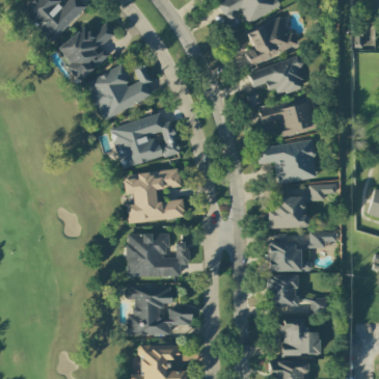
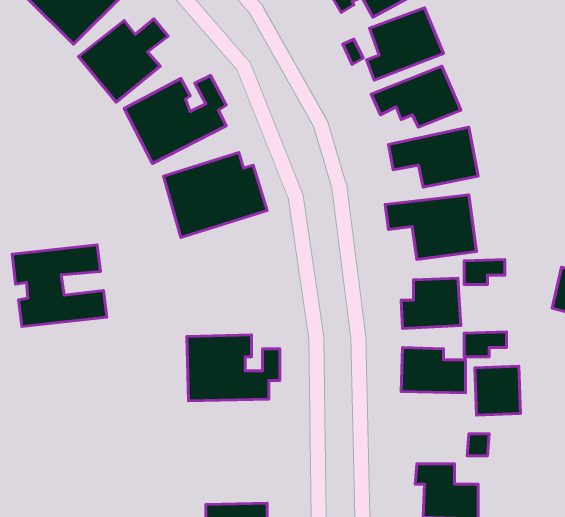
building: [123,169,185,223] -> [12,245,107,327]
building: [267,275,297,307] -> [475,366,520,415]
building: [126,285,192,336] -> none

